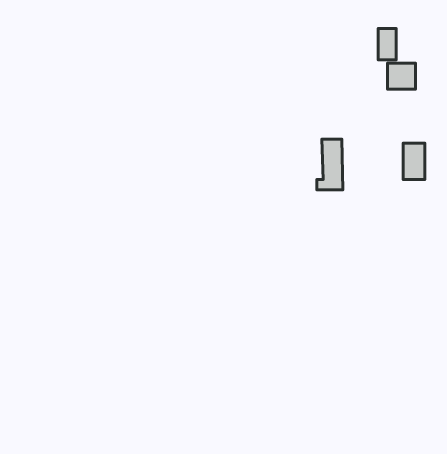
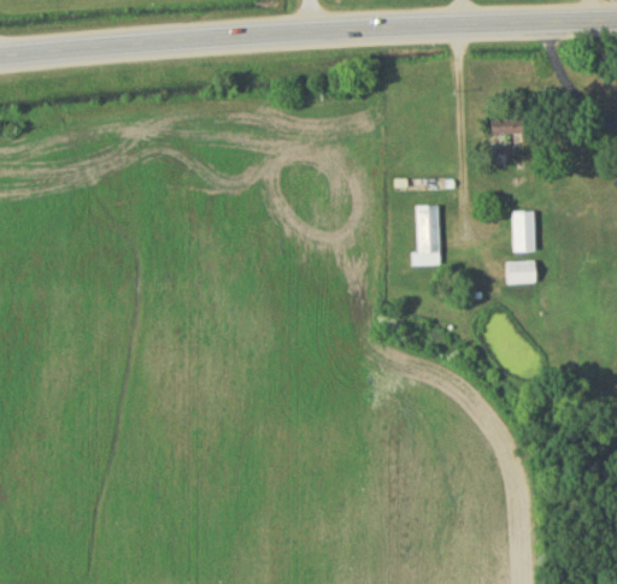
building: [378,29,396,60] -> none
building: none -> [505,261,536,283]

